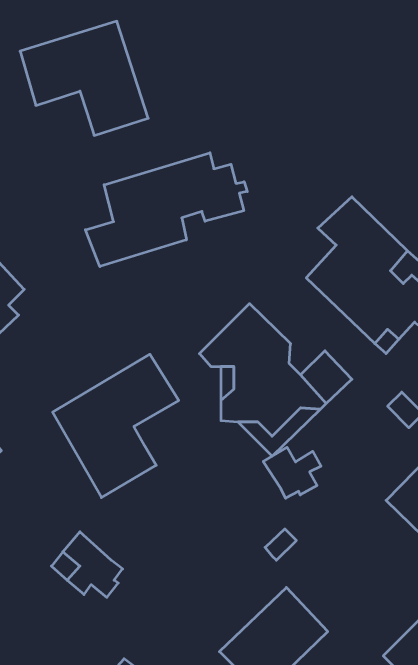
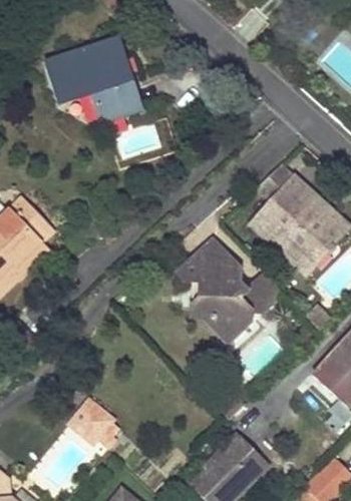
building: [85,153,247,267] -> none
building: [53,354,179,498] -> none
building: [263,447,321,498] -> none

